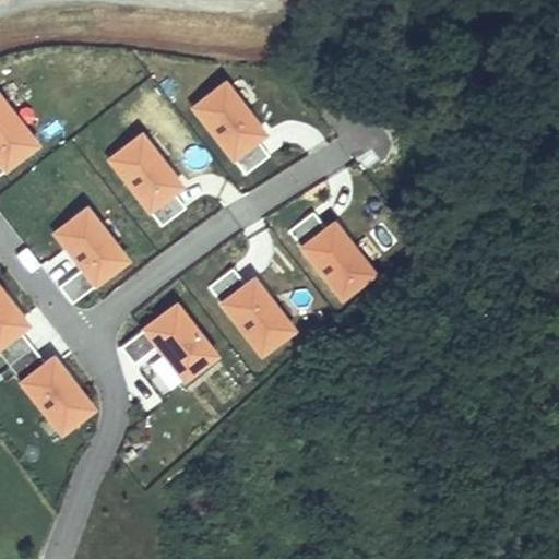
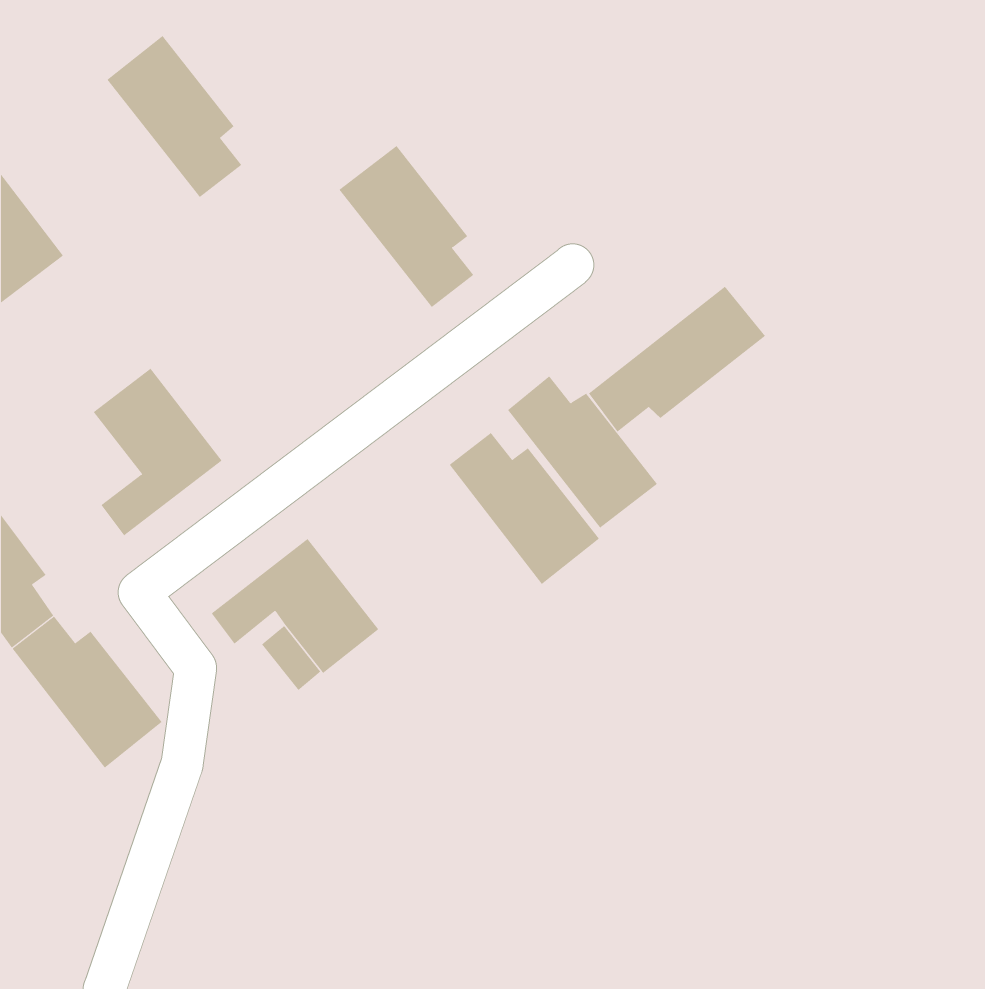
building: [110,134,187,226] -> [107,35,242,198]
building: none -> [588,286,766,432]
building: [209,269,294,355] -> [449,432,600,585]

